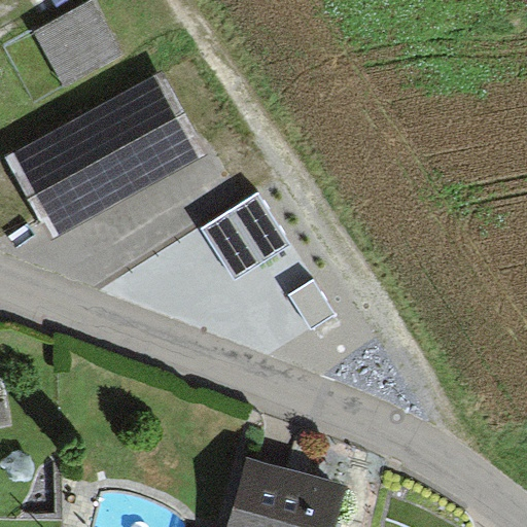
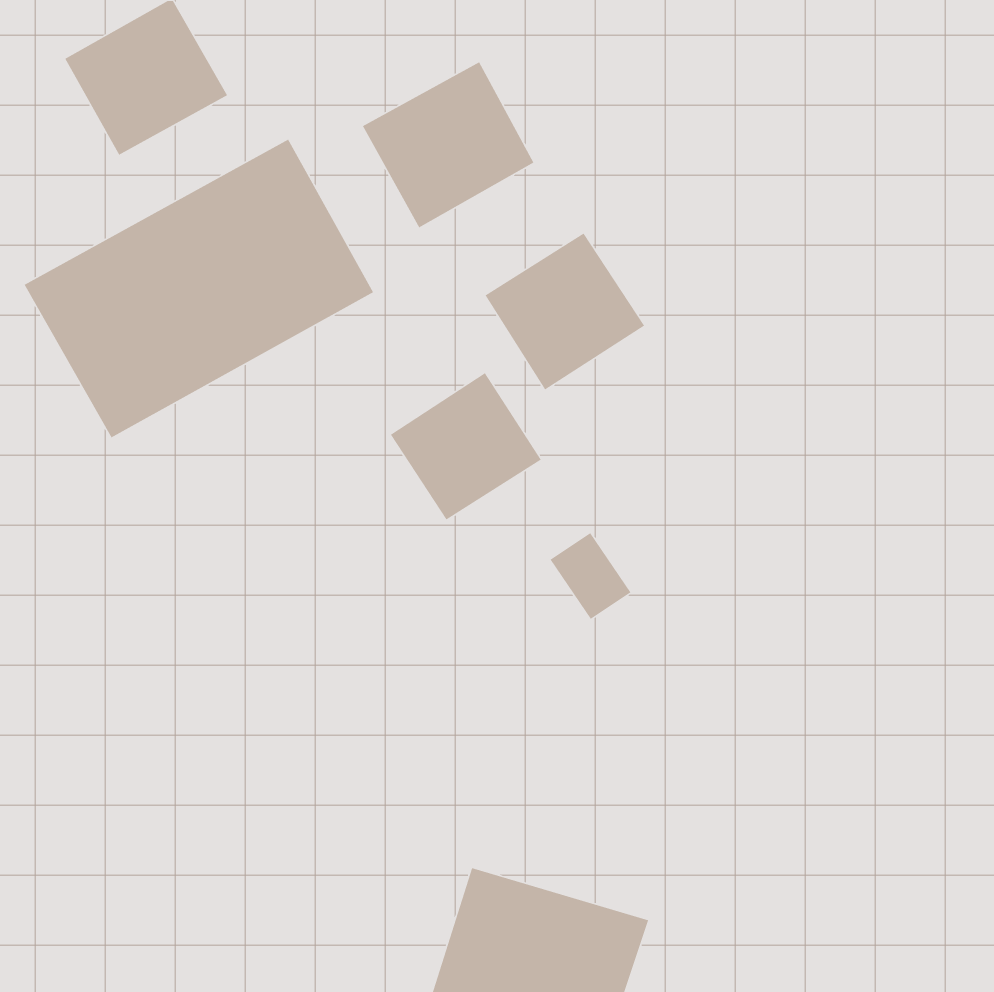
building: none -> [362,61,535,228]
building: none -> [484,233,645,391]

